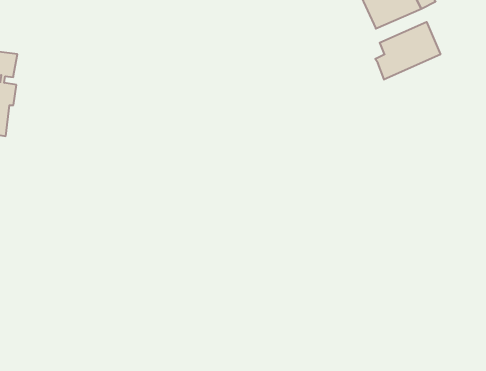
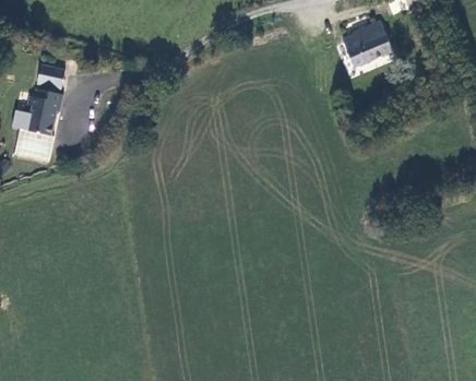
building: [375,22,440,80] -> none

